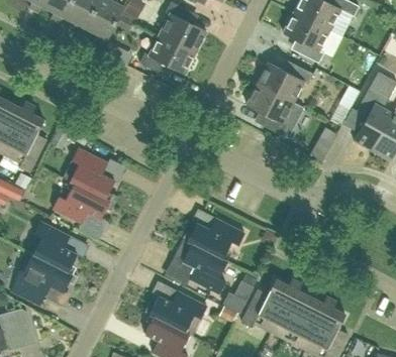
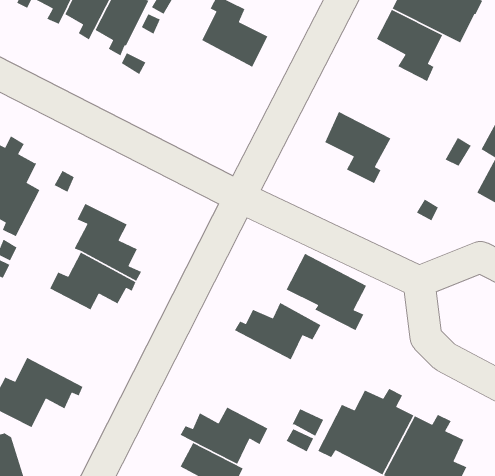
building: [139,33,196,74] -> none
building: [257,62,313,102] -> none
building: [32,221,78,276] -> none
building: [170,237,227,292] -> [286,252,367,331]

